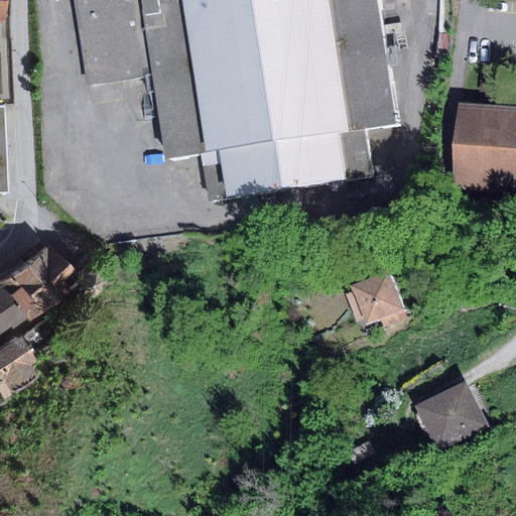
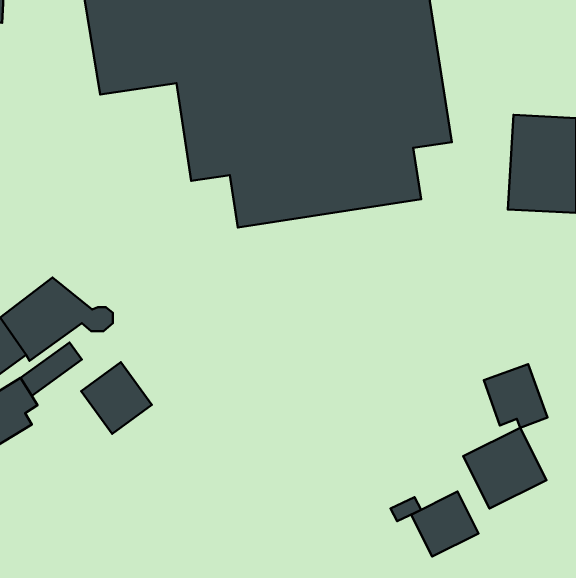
building: [346,267,402,324] -> [484,364,548,428]
building: none -> [81,362,152,434]
building: none -> [411,492,478,557]

